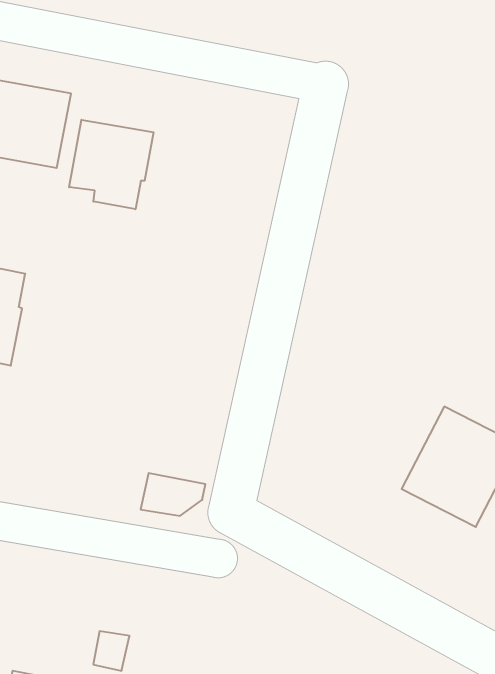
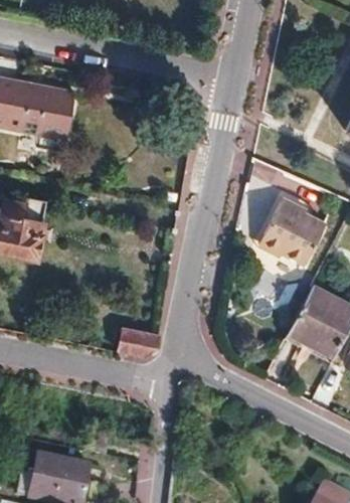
building: [69,120,154,209] -> none
building: none -> [265,202,326,263]

